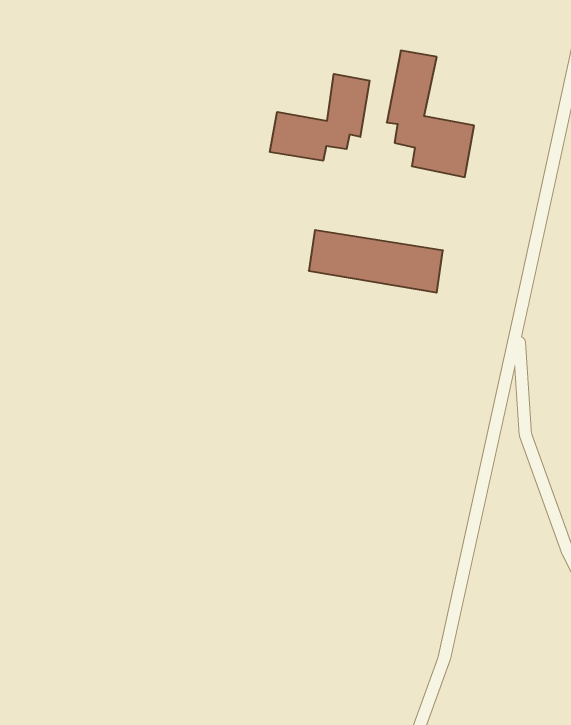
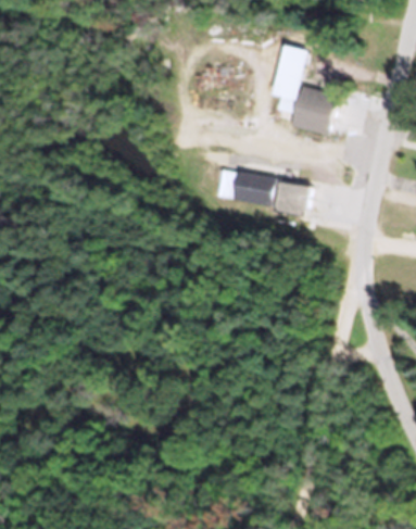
building: [270,74,370,161] -> none

